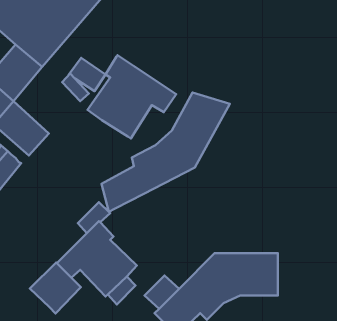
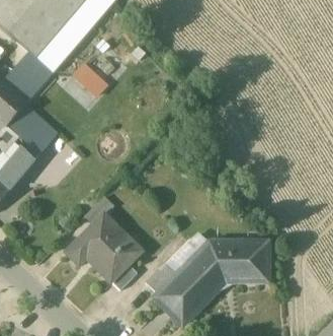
building: [88,55,176,139] -> none
building: [101,93,230,212] -> none
building: [30,263,81,313] -> none

